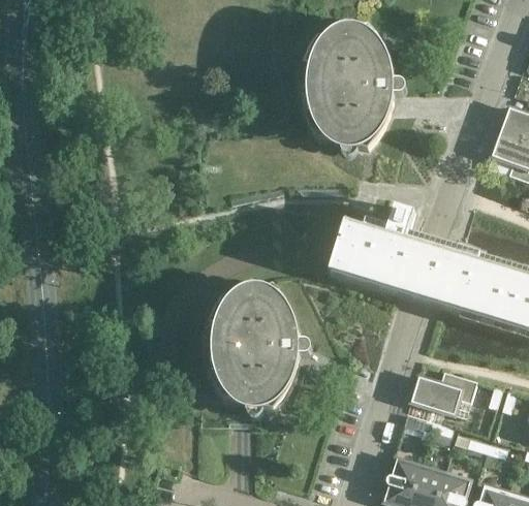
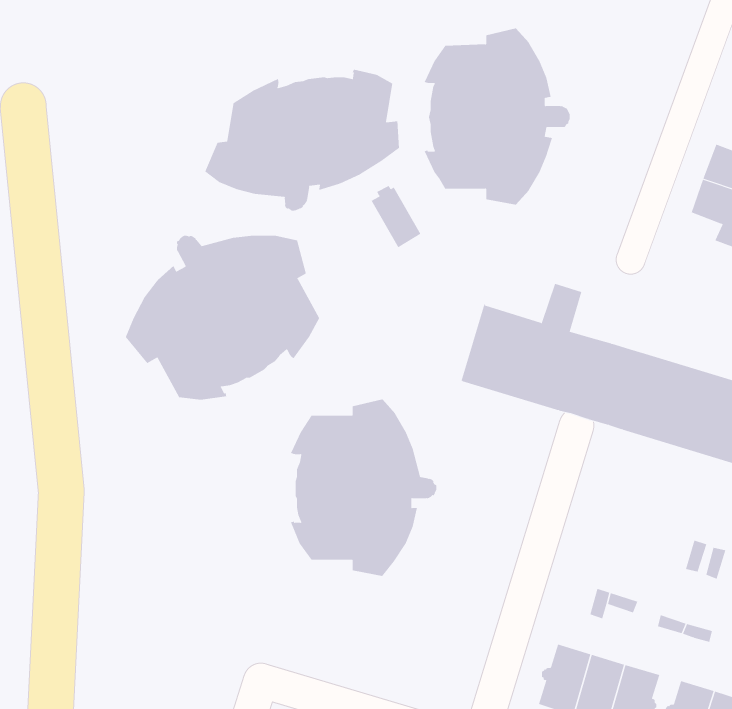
building: none -> [204,69,400,212]
building: none -> [371,185,421,248]
building: none -> [125,235,320,401]
building: [410,370,476,413] -> none

